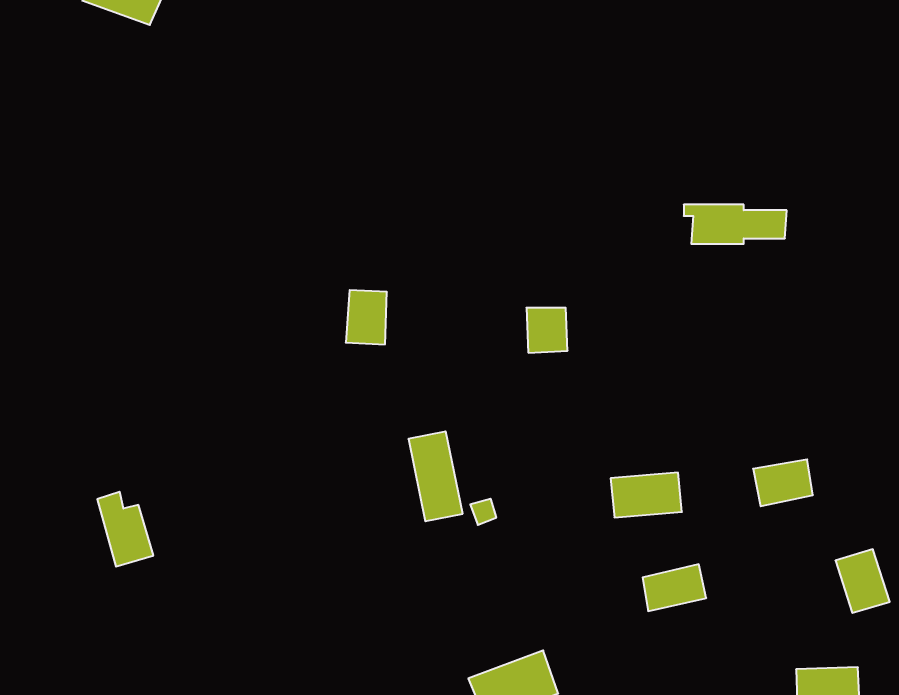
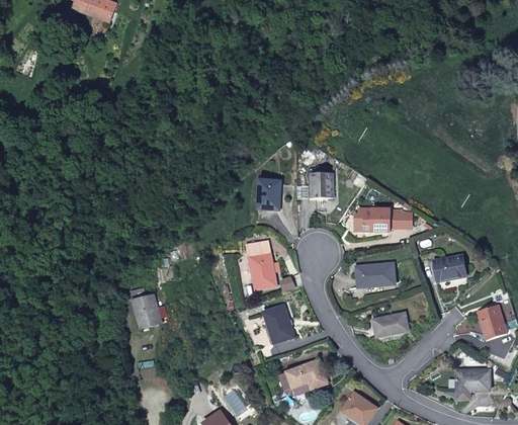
building: [684,205,787,244] -> [358,209,414,231]
building: [346,290,387,344] -> [258,180,280,209]
building: [97,492,153,567] -> [131,287,161,328]
building: none -> [263,306,293,343]

